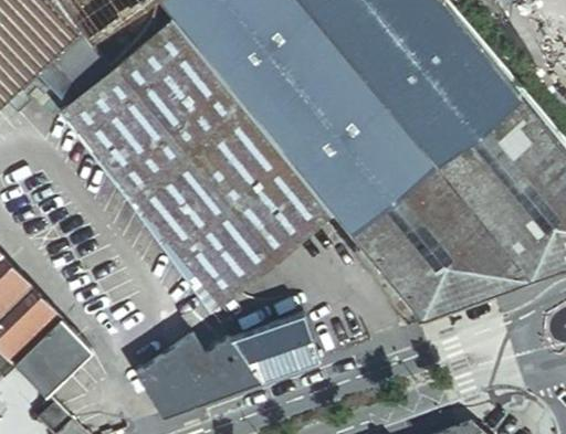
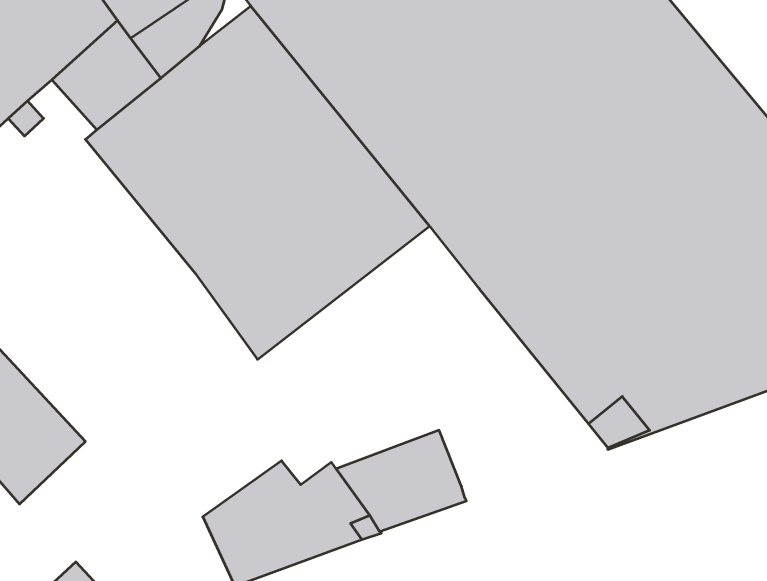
building: [178,173,331,311] -> none
building: [14,321,91,396] -> none

